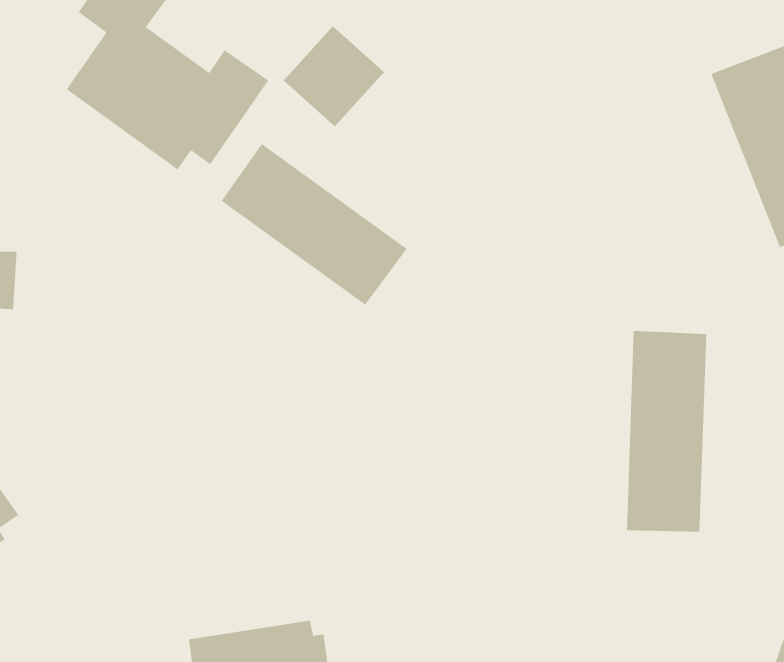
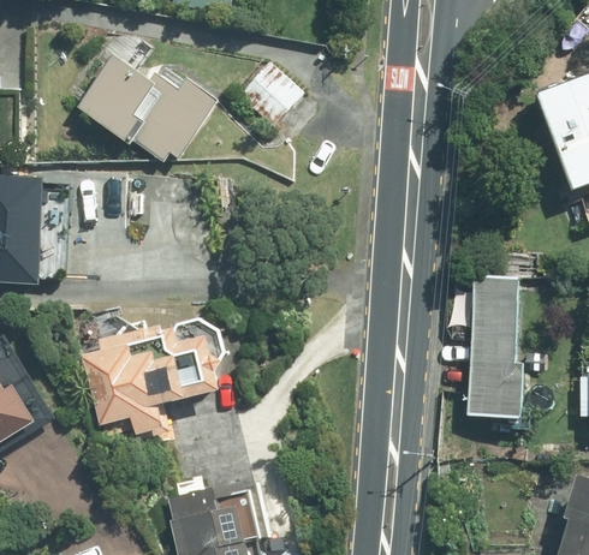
building: [221,143,407,305] -> none
building: none -> [83,318,227,434]

